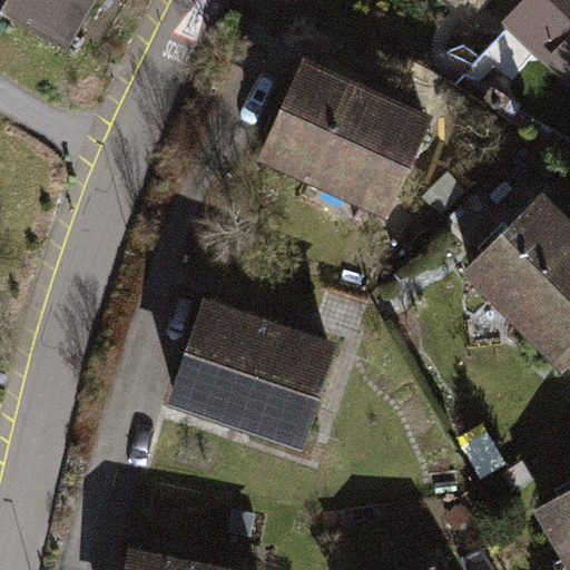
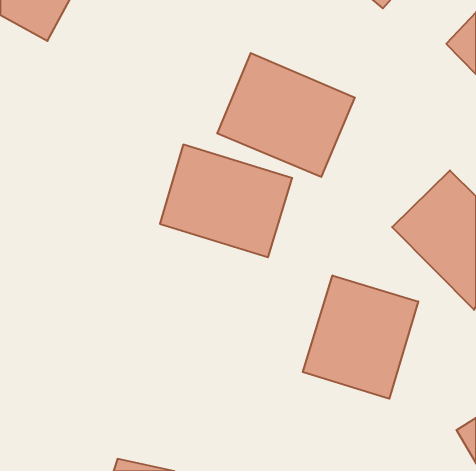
building: [178,305,336,440] -> [160,145,292,257]
building: none -> [303,275,418,399]

